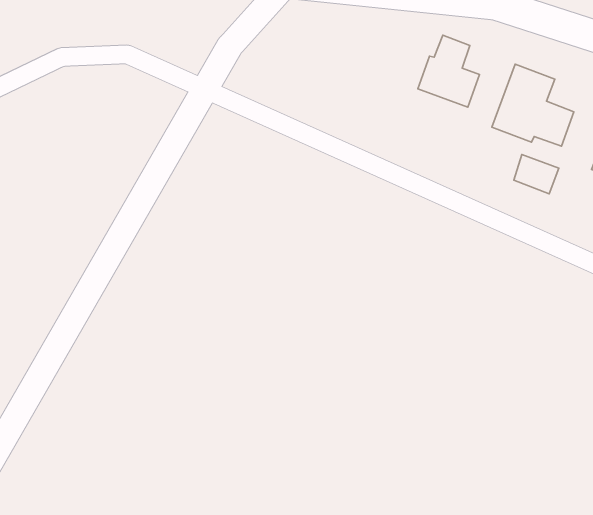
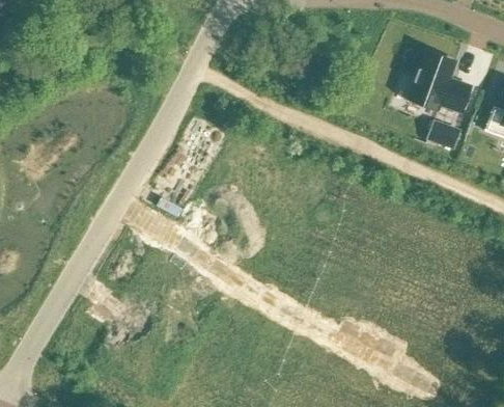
building: [418,35,480,107] -> none

